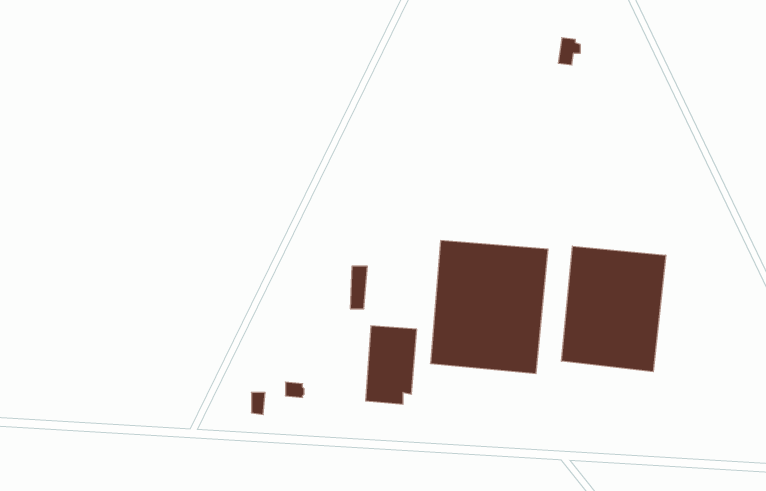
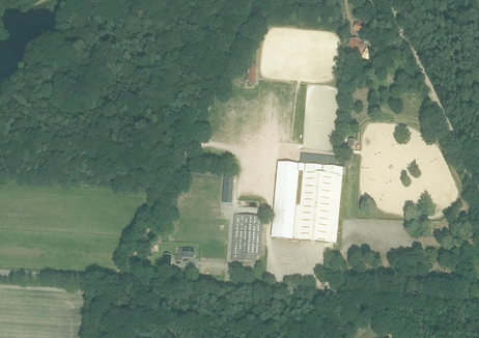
building: [561,246,666,372] -> none

